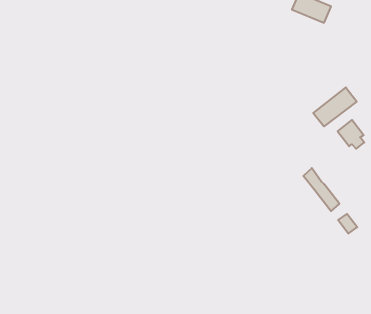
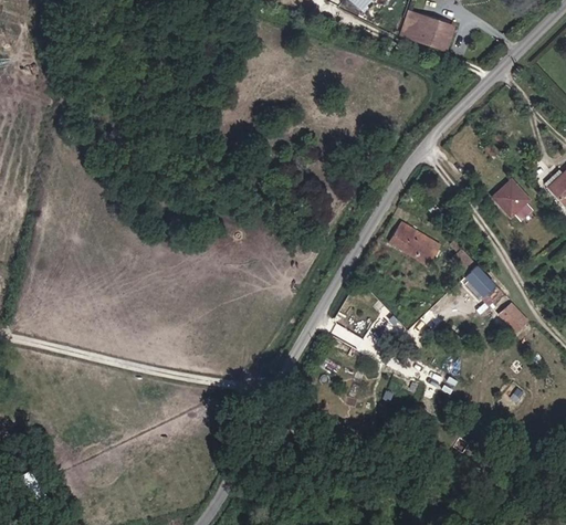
building: [313,87,357,126] -> none
building: none -> [390,222,442,263]

